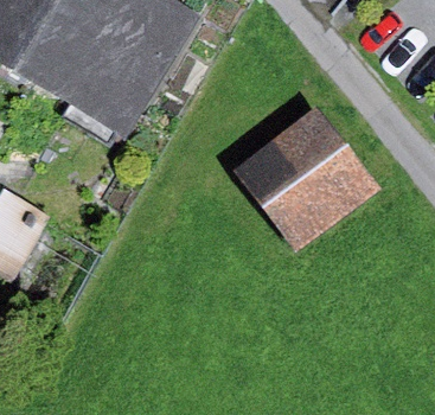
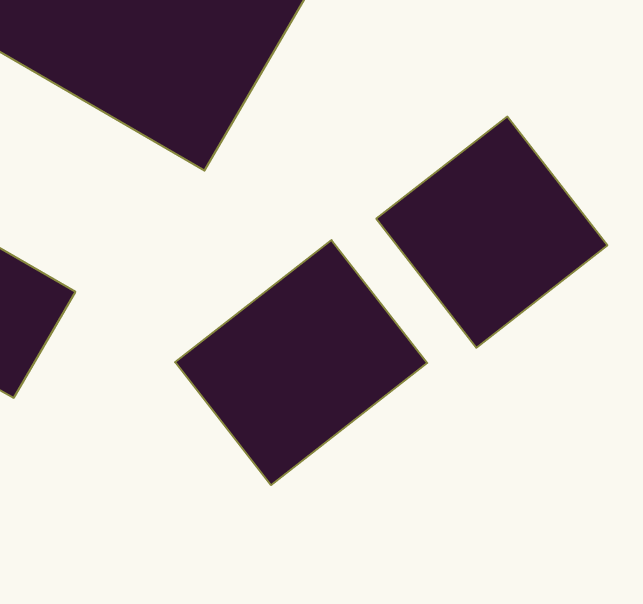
building: none -> [175,240,427,485]

